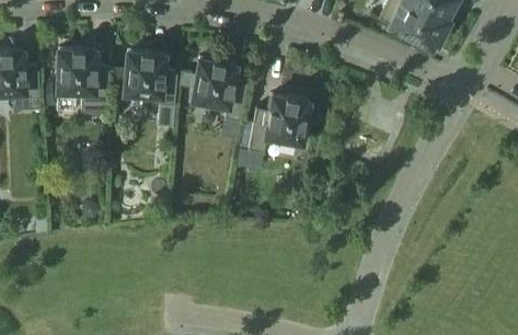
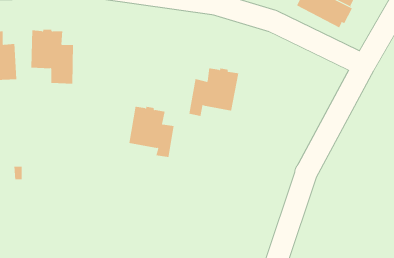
building: [124,49,177,105] -> none
building: [192,58,248,120] -> [128,106,175,157]

